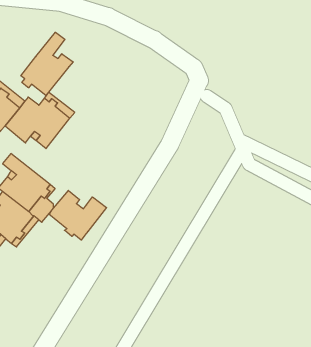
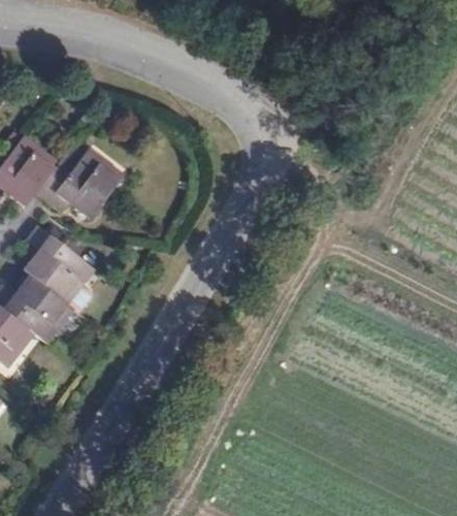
building: [21,32,73,96] -> none
building: [49,190,107,240] -> none

